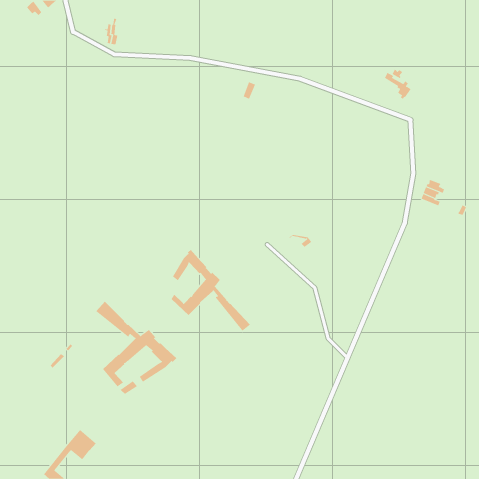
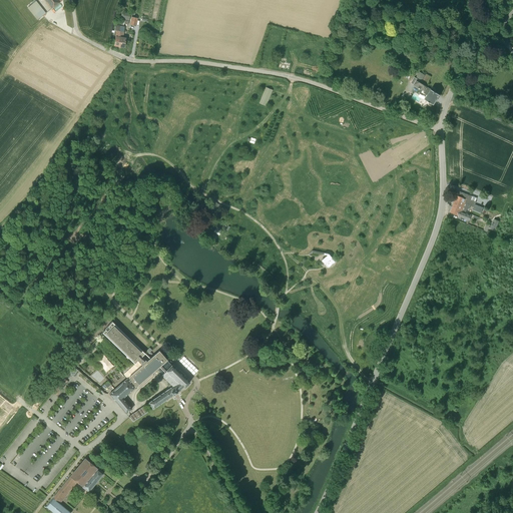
building: [171,249,251,332] -> none

